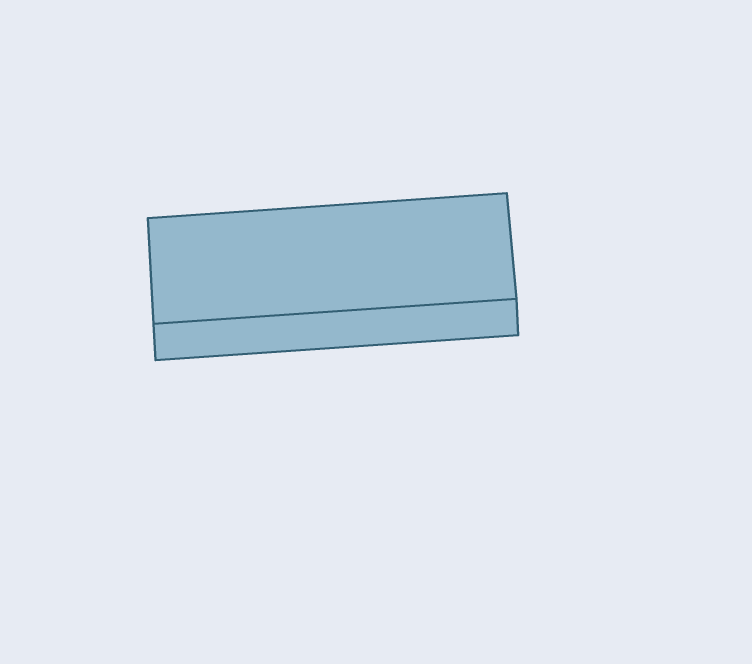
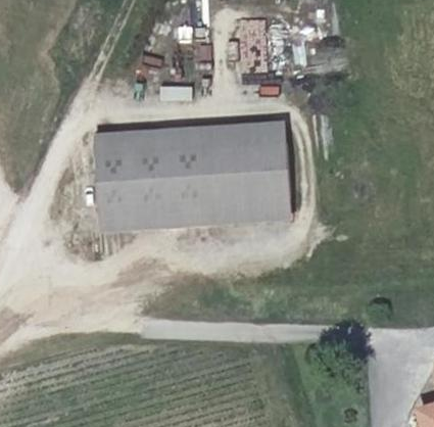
building: none -> [94,121,287,155]

